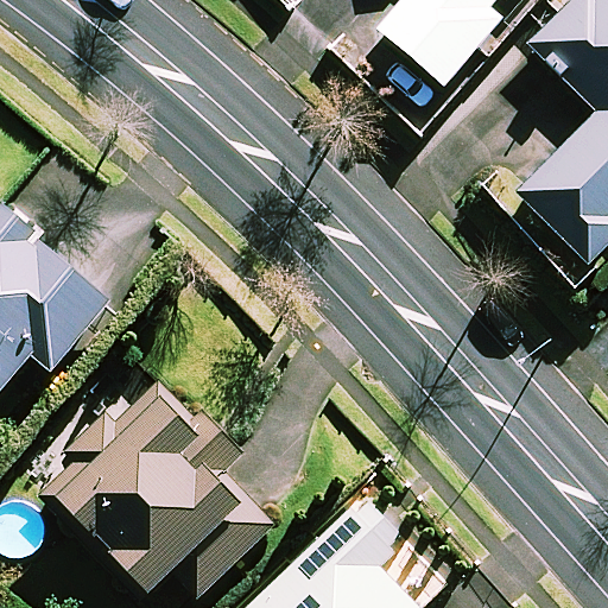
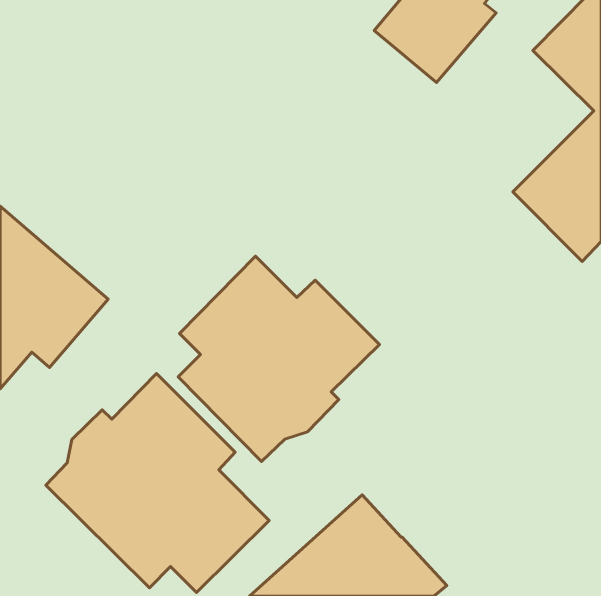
building: none -> [178,256,379,462]

